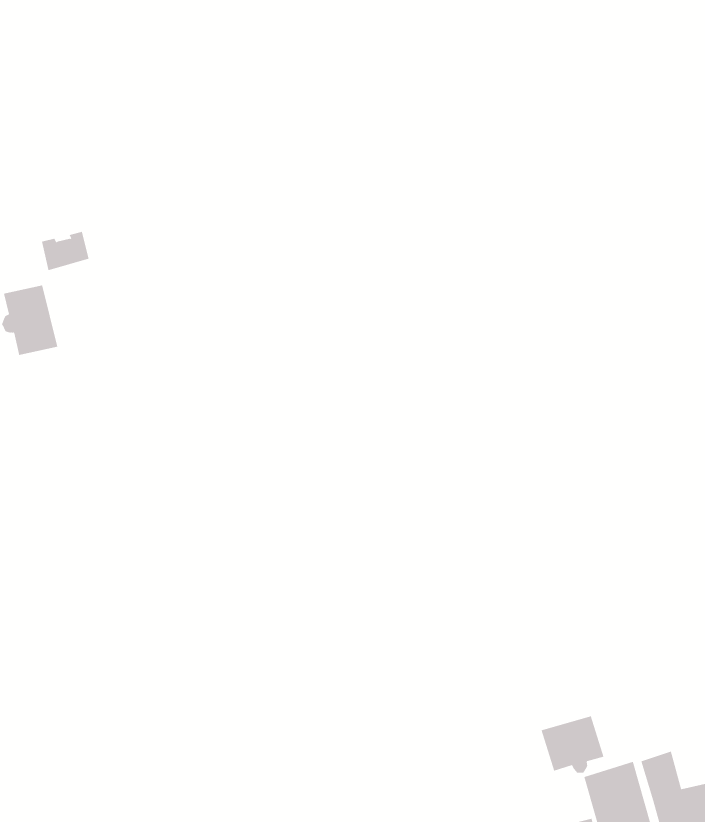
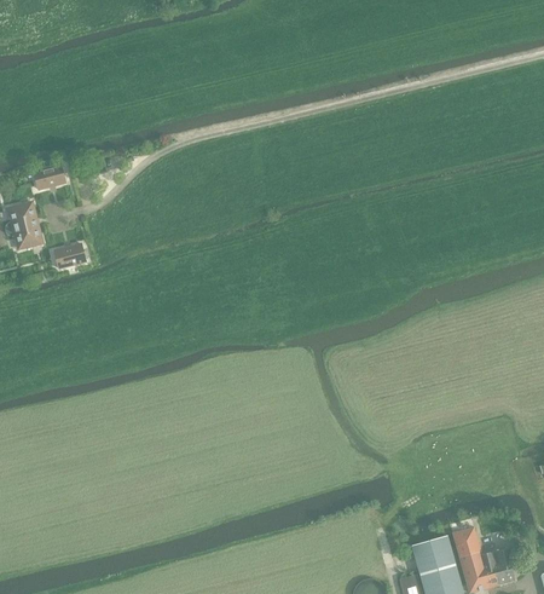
building: none -> [53,241,86,267]
building: [541,715,604,773] -> none

